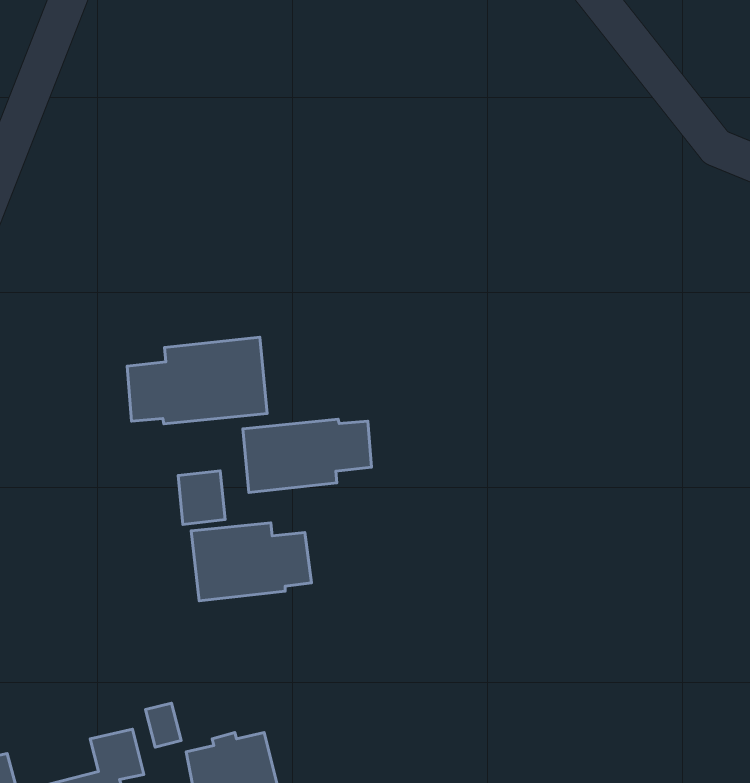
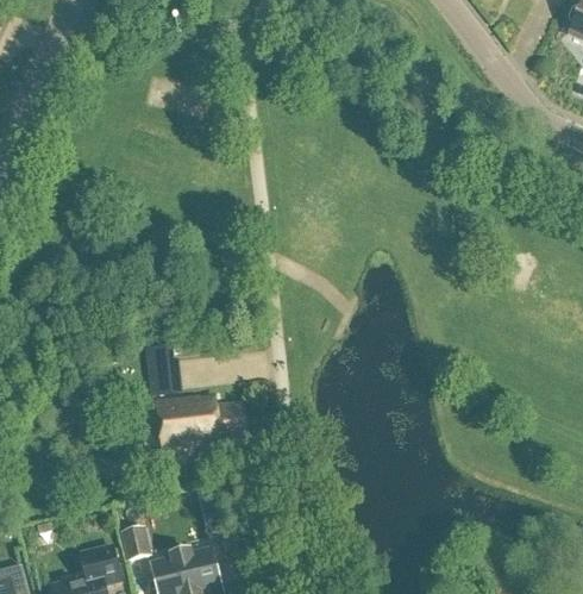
building: [127,337,267,424] -> none
building: [243,419,372,493] -> none

